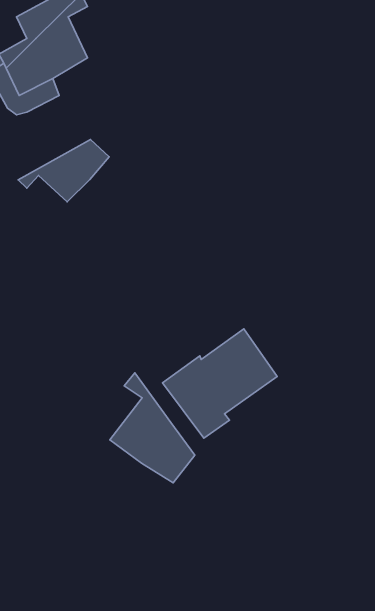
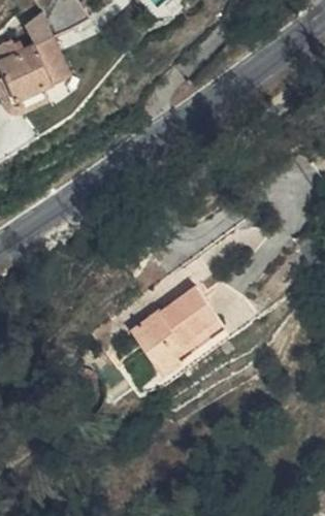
building: [18,140,109,202] -> none
building: [110,373,195,483] -> none

